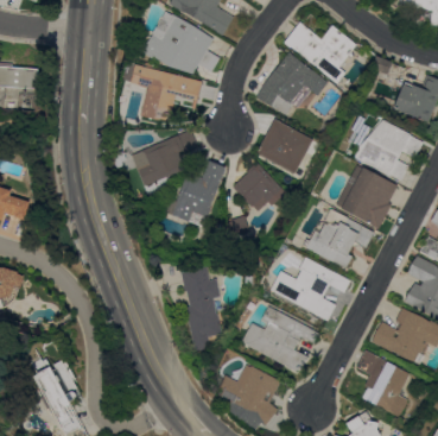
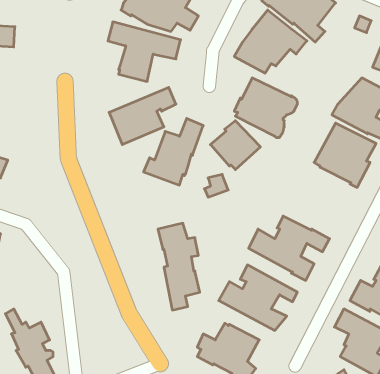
building: [304,208,375,267] -> none

